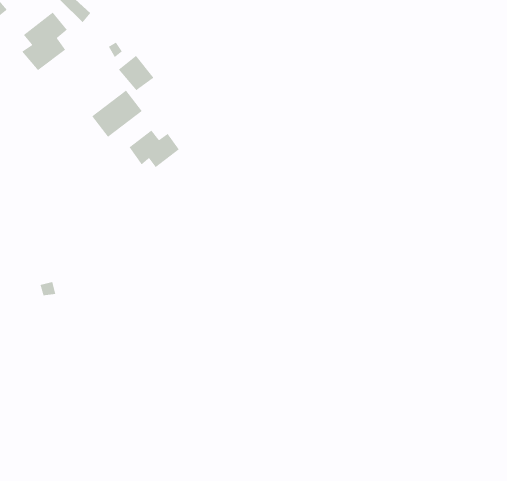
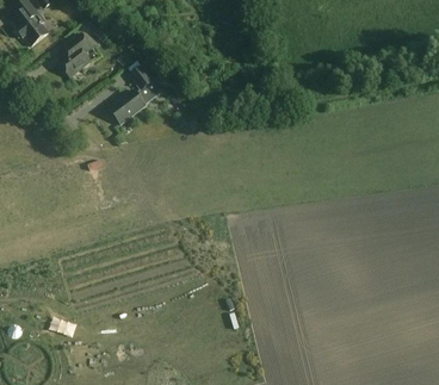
building: [129,129,180,168] -> none

